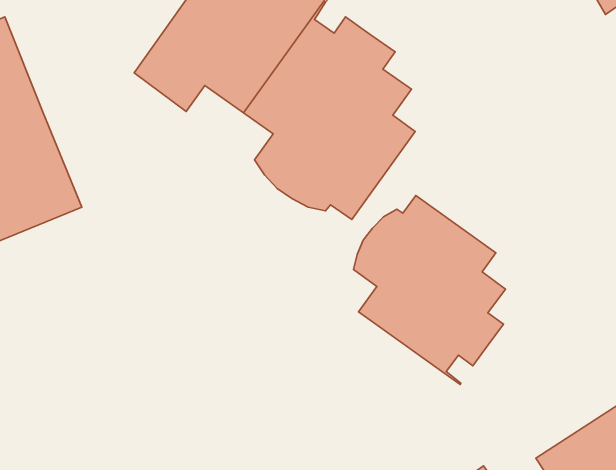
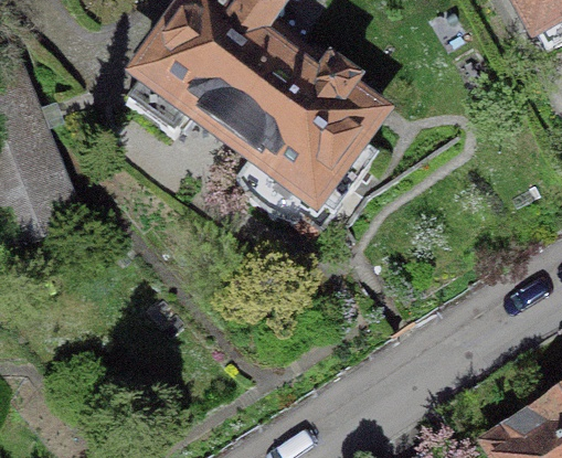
building: [353,195,506,385] -> none

